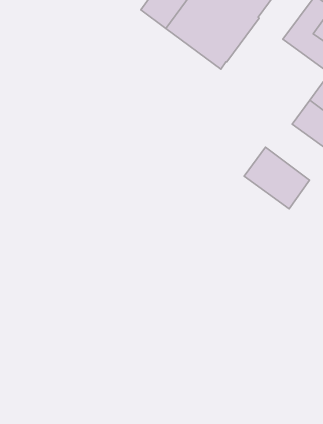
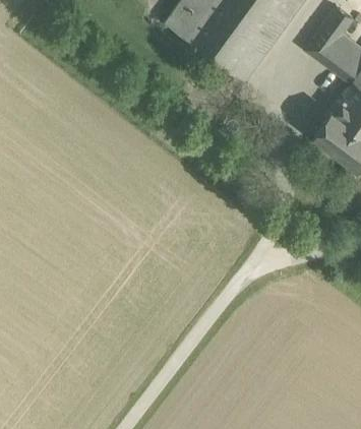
building: [244,147,310,209] -> none

